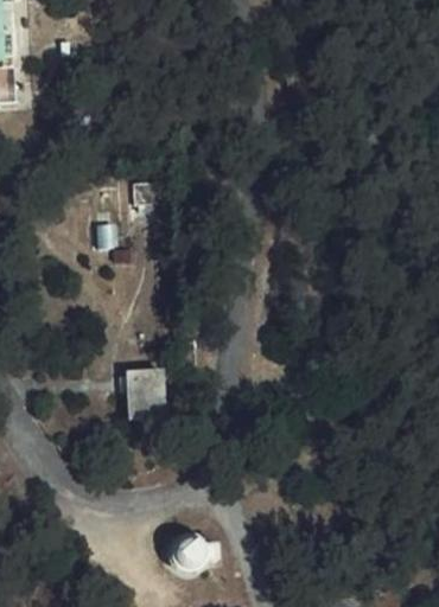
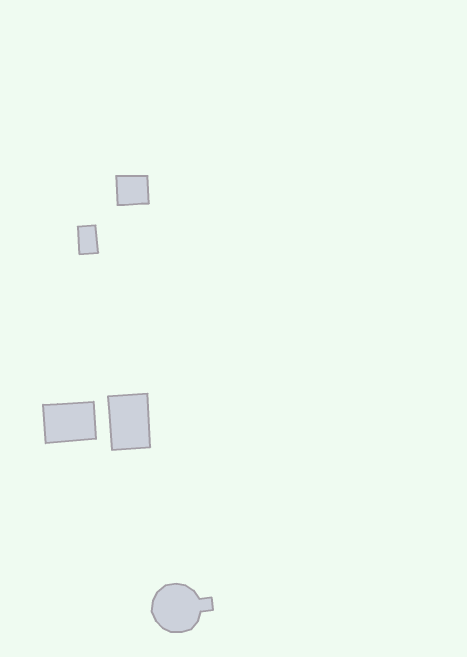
building: none -> [43,402,96,443]

